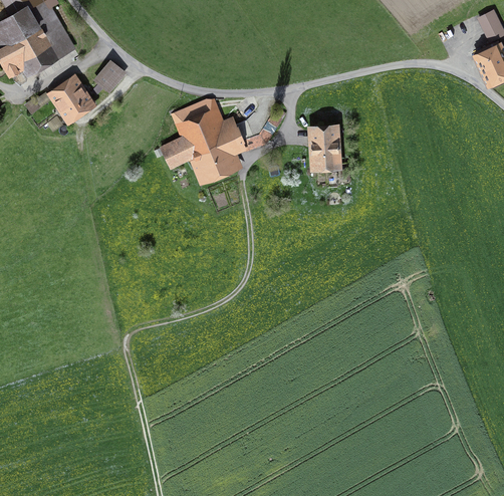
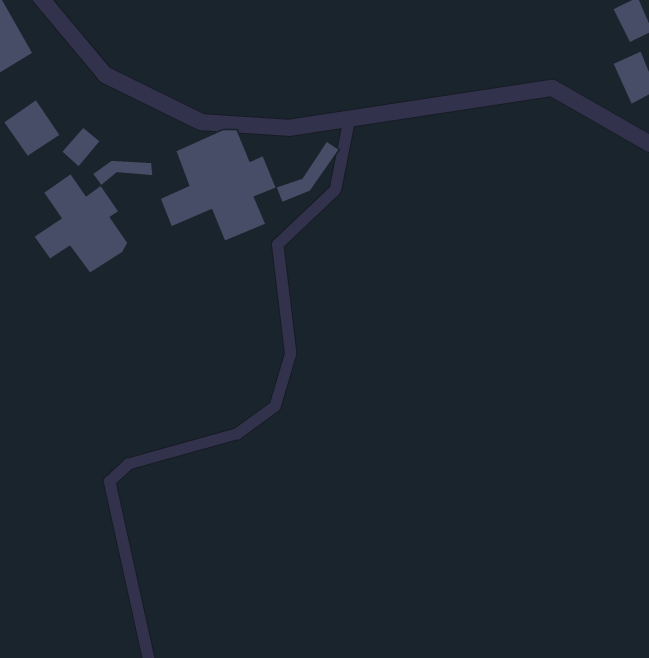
building: [96,63,123,91] -> [62,127,100,167]
building: none -> [34,160,153,274]
building: [312,129,338,168] -> none

